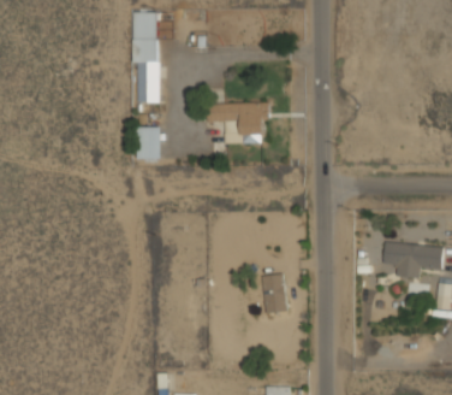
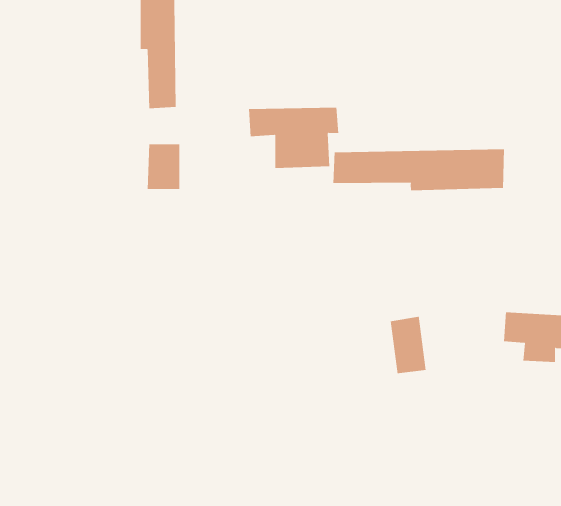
building: none -> [333,149,504,191]
building: [261,273,286,313] -> [390,316,427,374]

